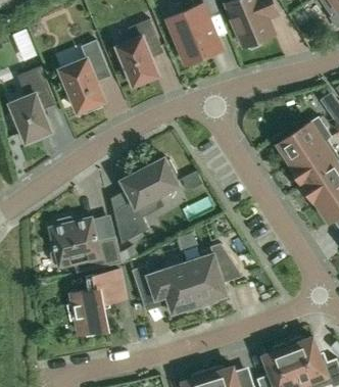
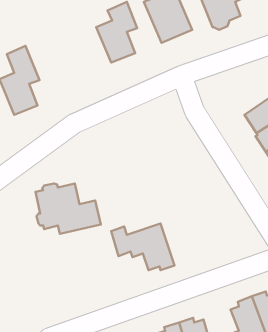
building: [59,41,107,114] -> none
building: [112,158,178,244] -> none
building: [186,244,242,308] -> none
building: [66,271,124,337] -> none

